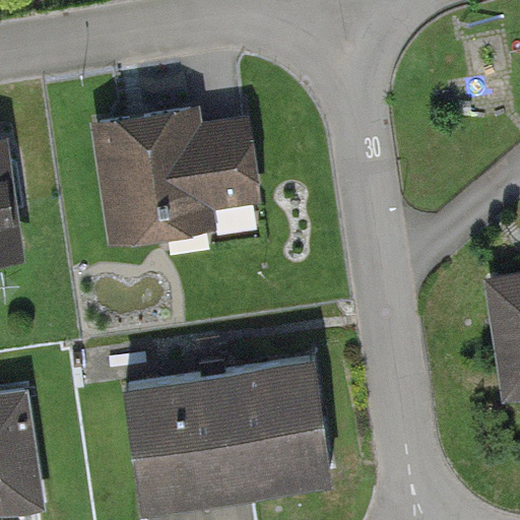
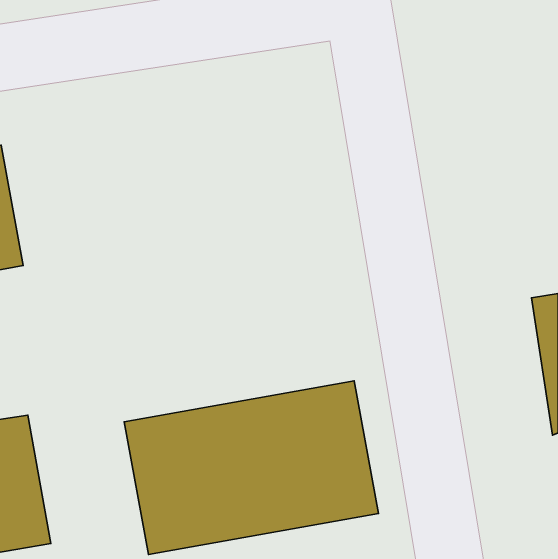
building: [91,109,266,252] -> none

